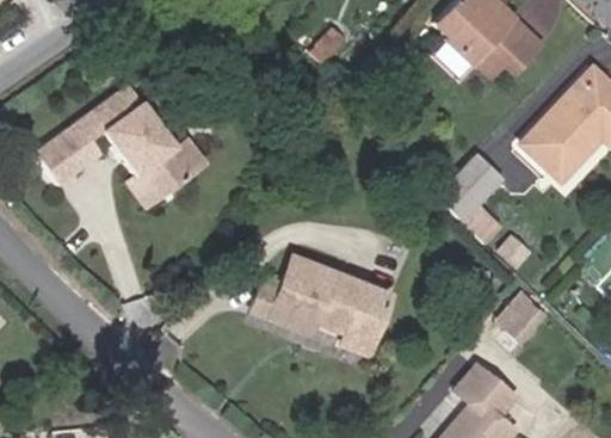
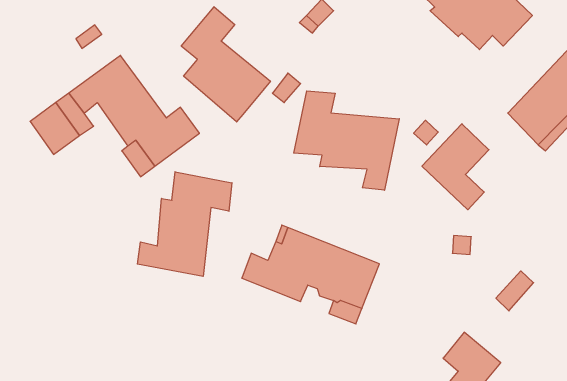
building: none -> [181,7,270,122]
building: none -> [294,91,399,190]
building: none -> [137,172,232,276]

